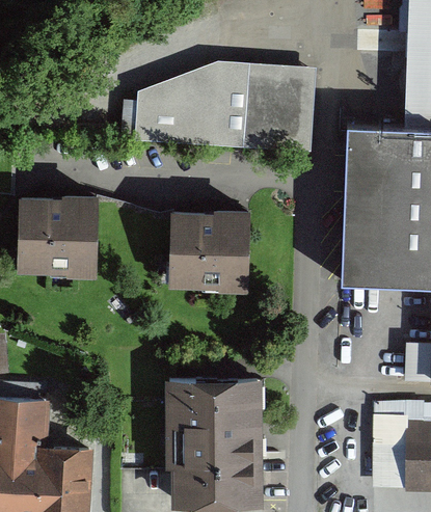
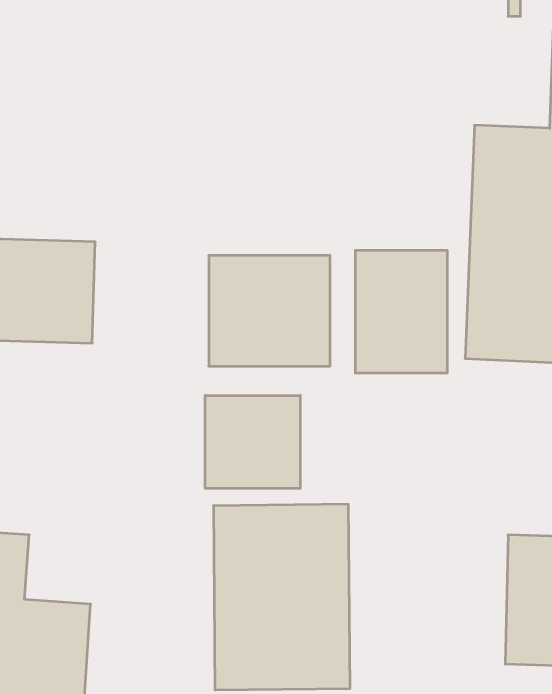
building: [133,62,315,154] -> none
building: none -> [355,250,447,373]
building: none -> [205,395,300,488]

